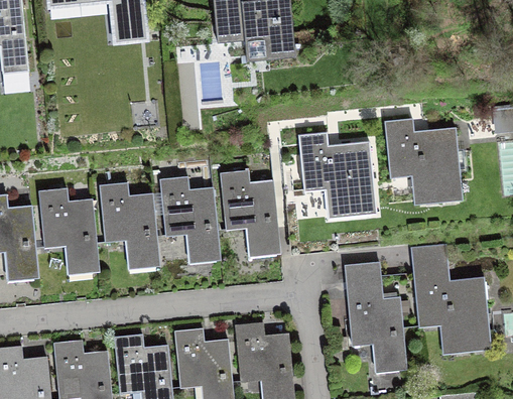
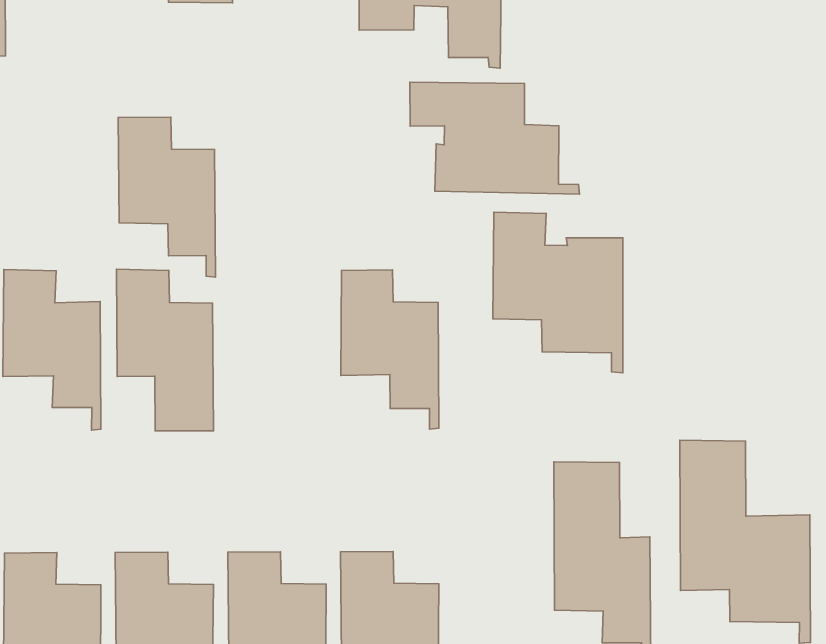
building: none -> [410,82,580,194]
building: [384,119,463,202] -> none
building: [159,177,220,261] -> [118,117,215,277]

